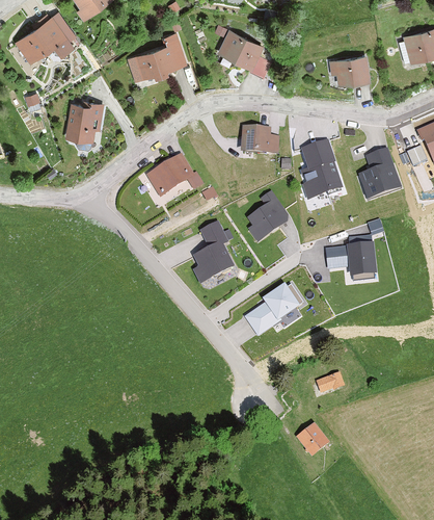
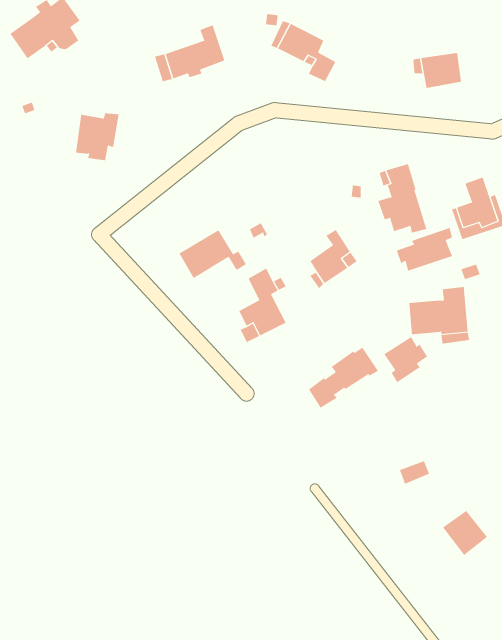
building: [242,128,276,153] -> none
building: [148,156,201,194] -> [179,229,247,279]
building: none -> [396,227,453,271]
building: none -> [383,336,428,383]
building: [296,422,331,458] -> [442,510,488,556]

